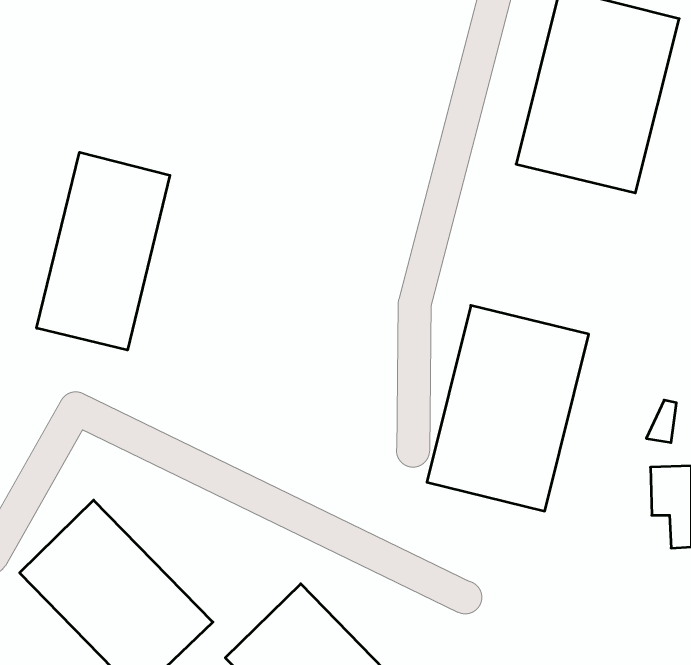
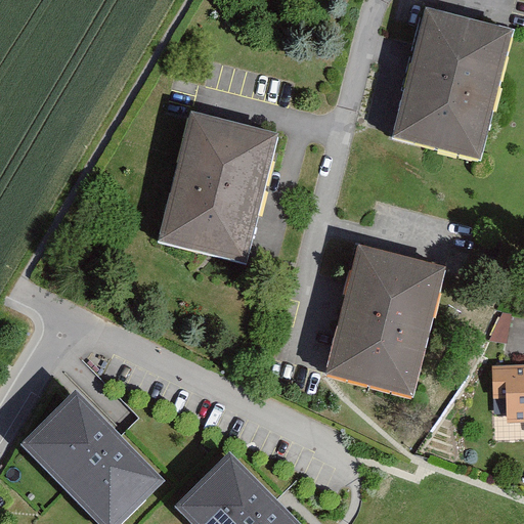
building: none -> [159,112,277,263]
building: [37,152,170,350] -> none

